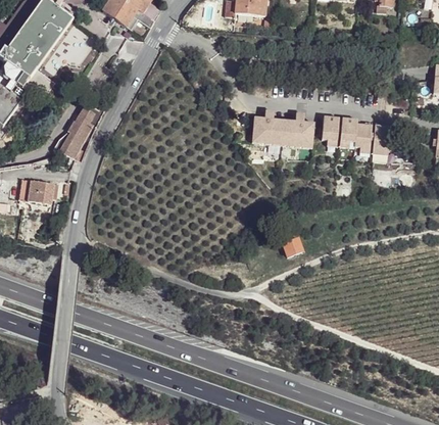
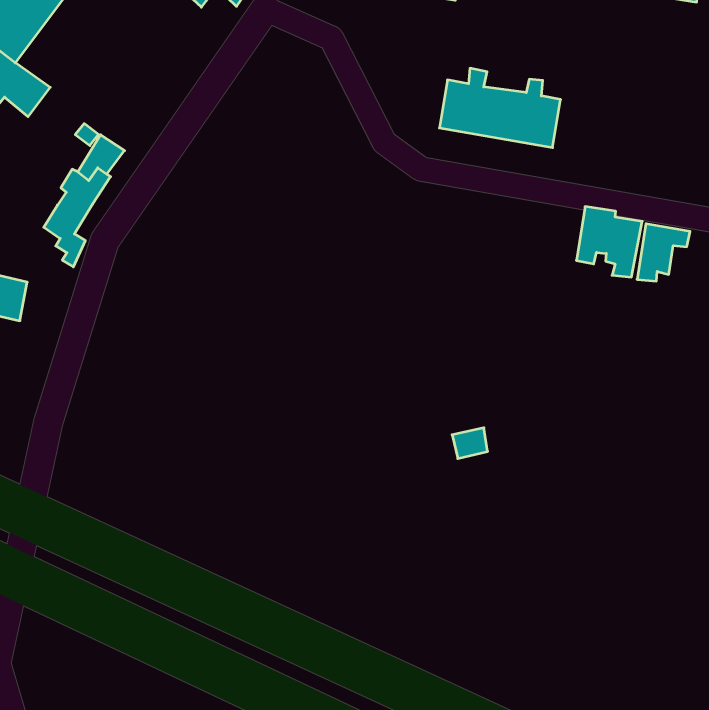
building: [253,111,315,149] -> [439,68,561,148]
building: [324,117,340,147] -> none

